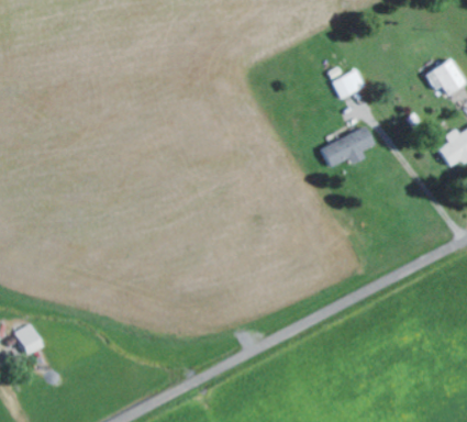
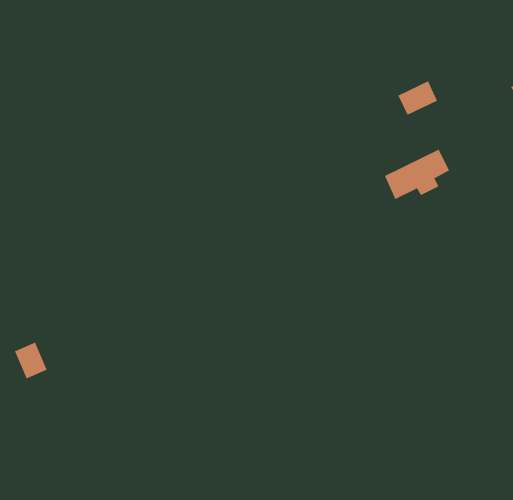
building: [15,324,43,355] -> [14,342,48,379]

